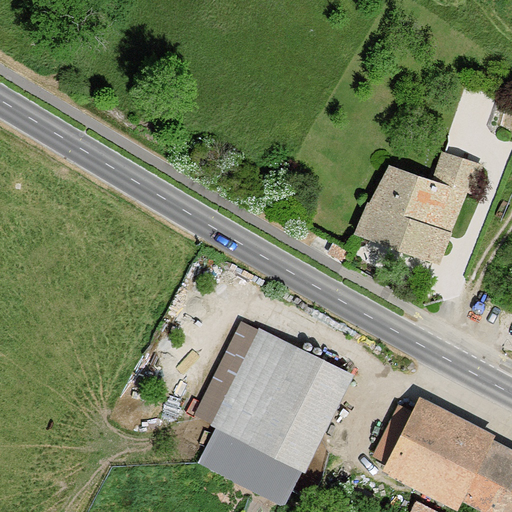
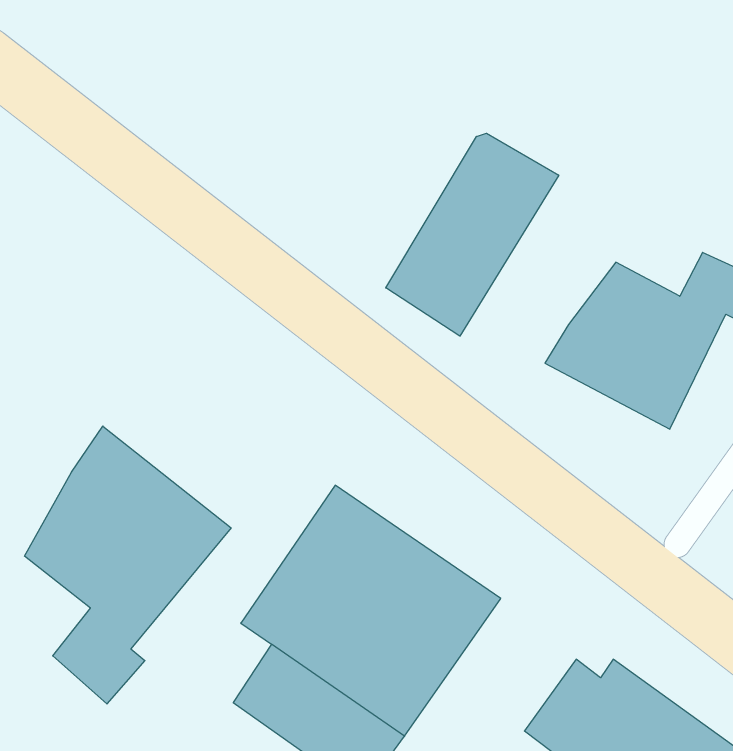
building: none -> [386,133,559,336]
building: none -> [25,426,231,704]

